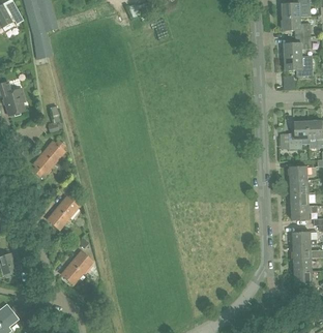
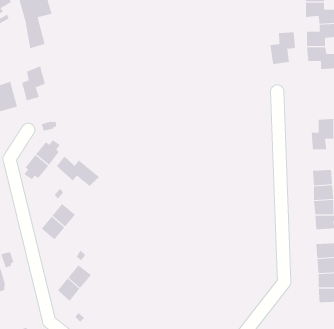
building: none -> [270,32,295,65]
building: none -> [22,65,45,101]
building: none -> [56,156,100,187]

